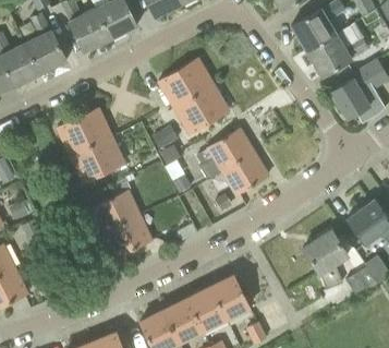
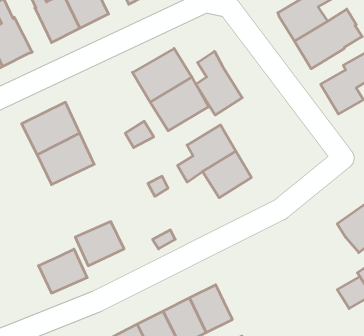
building: none -> [196,51,242,115]
building: [95,191,139,231] -> [38,249,87,293]
building: [304,230,349,290] -> none

